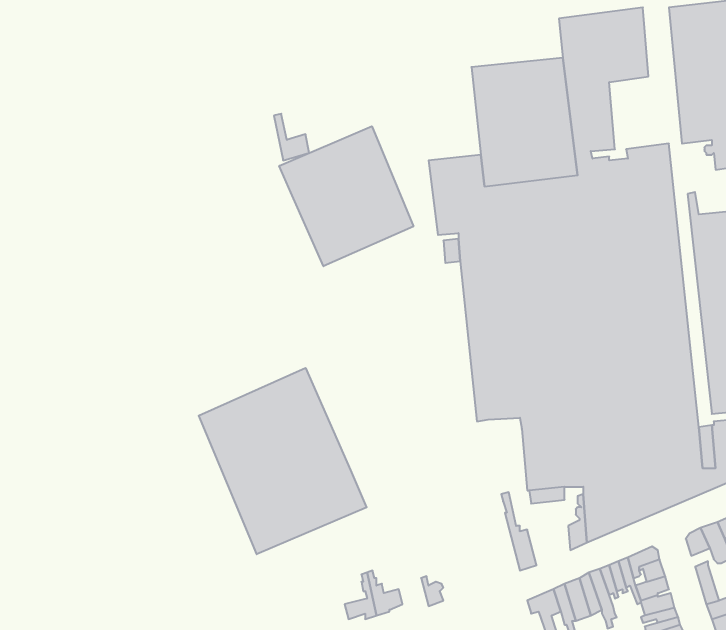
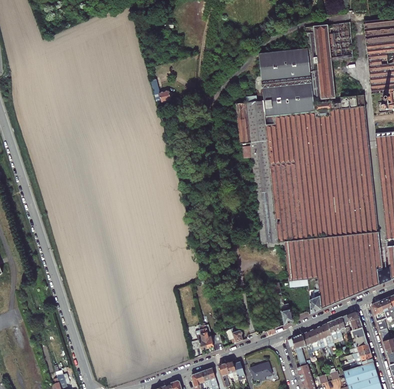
building: [279,126,413,266] -> none
building: [199,368,367,554] -> none

